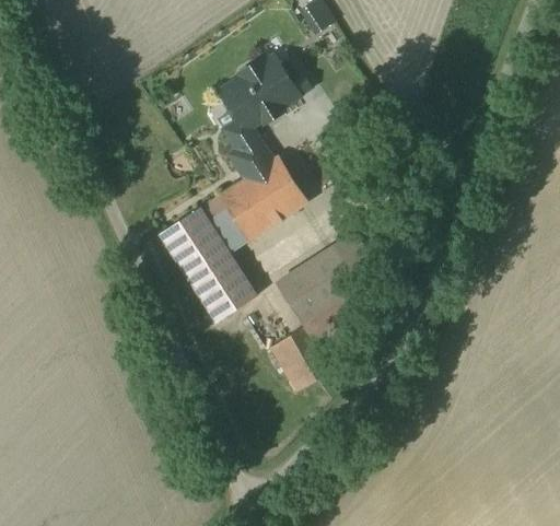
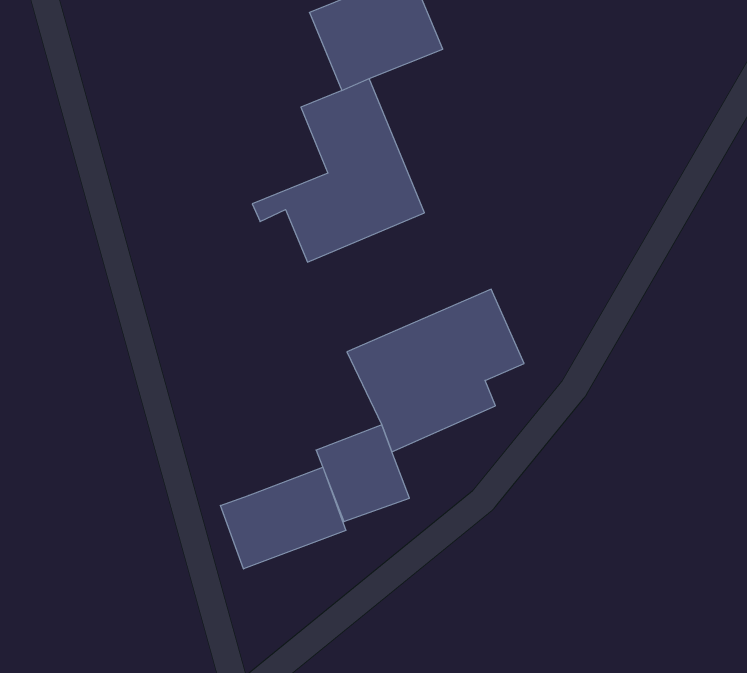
building: [153,208,257,327] -> none
building: none -> [220,467,346,569]

